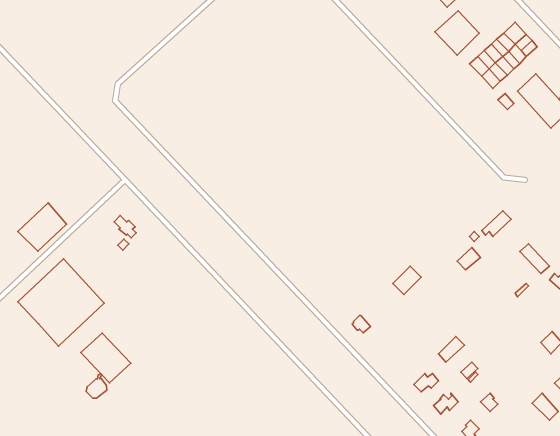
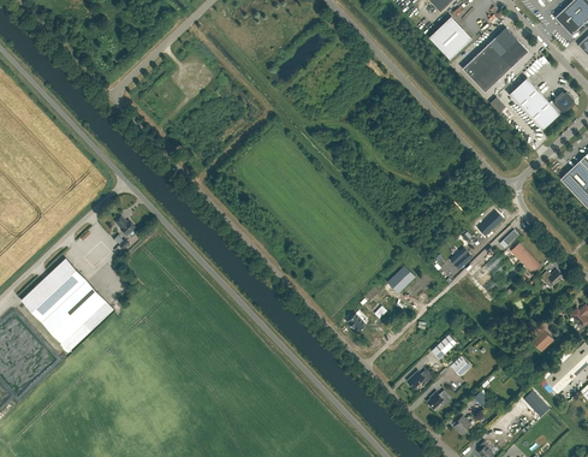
building: [18,203,67,251] -> none
building: [81,333,131,398] -> none

